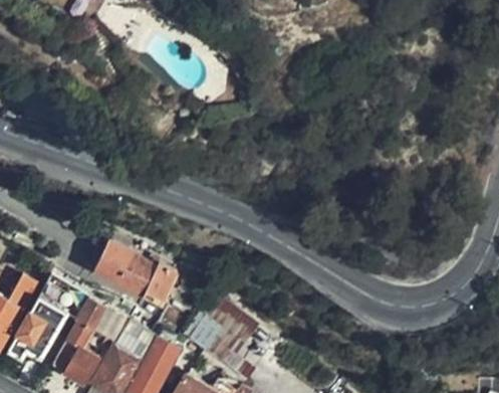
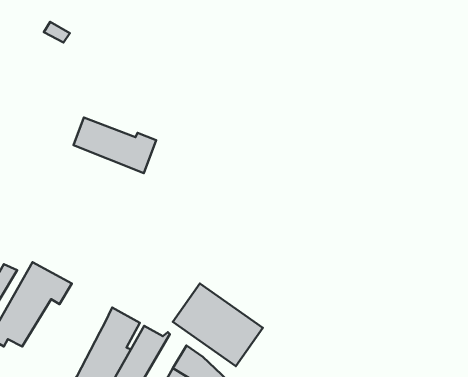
building: [86,248,167,303] -> [74,118,156,173]
building: [52,297,126,383] -> none

